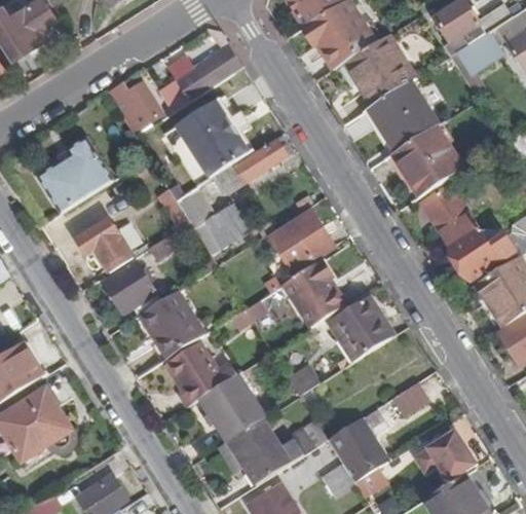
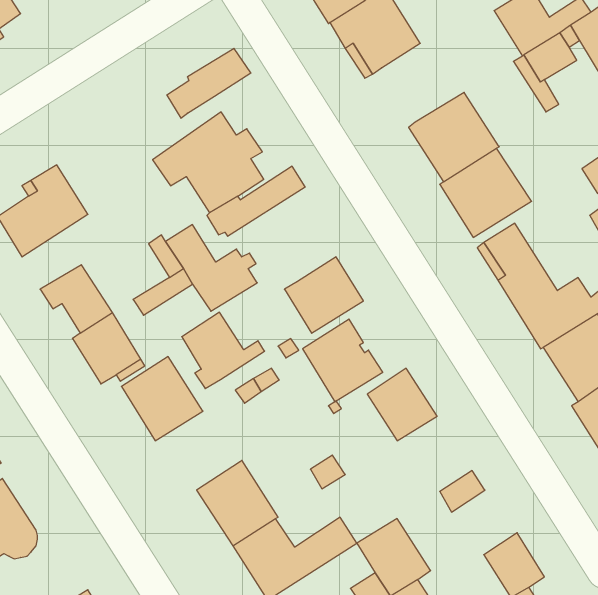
building: [345,34,415,104] -> none
building: [106,80,161,134] -> none
building: [167,342,233,403] -> [182,312,265,389]

